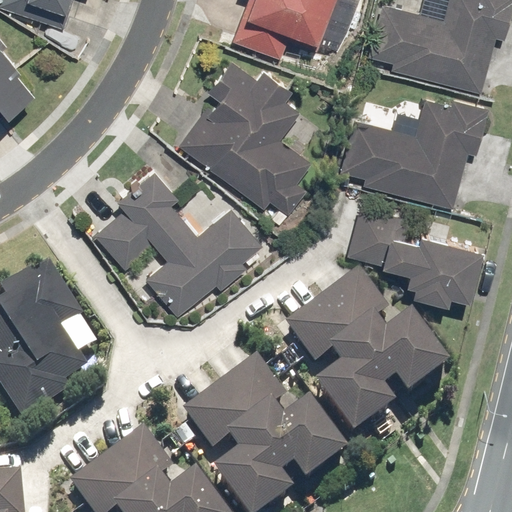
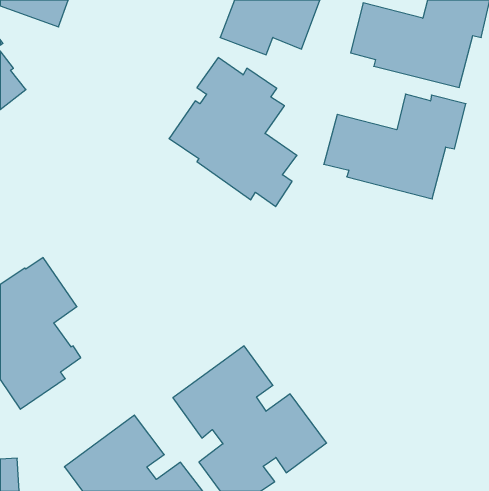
building: [94,169,261,316] -> none
building: [346,206,477,305] -> none
building: [284,274,444,446] -> none

